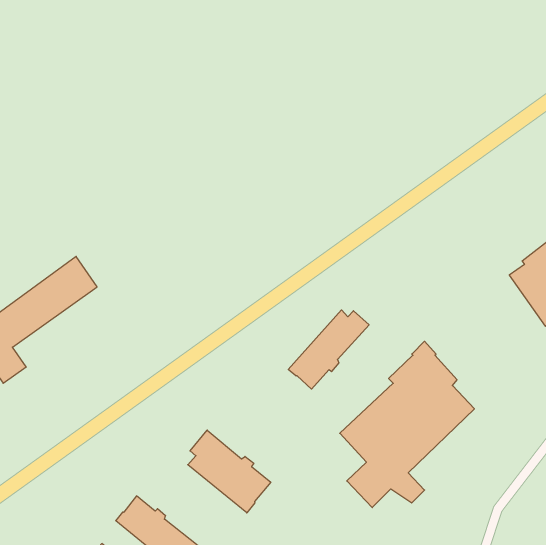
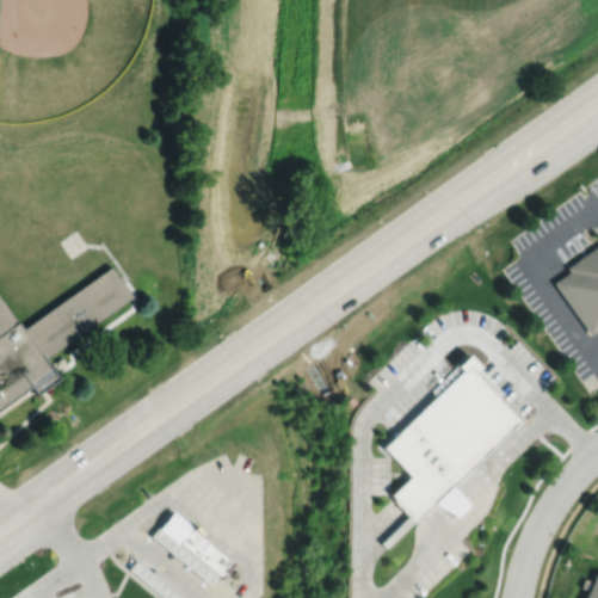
building: [288,310,369,389] -> none
building: [188,430,271,513] -> none

